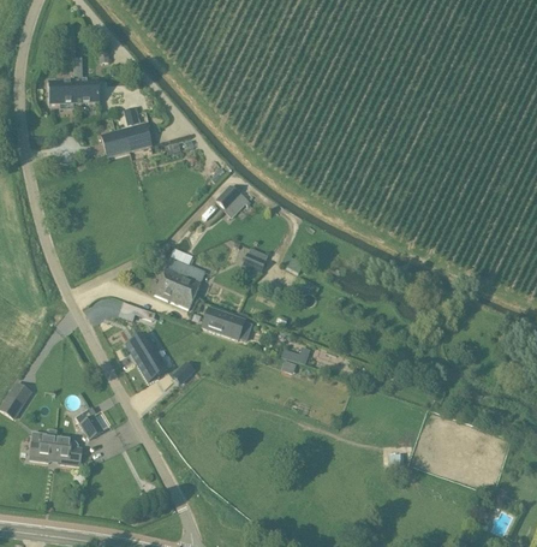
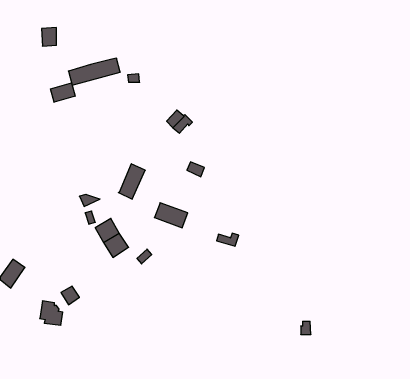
building: [74,79,100,103] -> none
building: none -> [50,83,75,102]
building: [173,266,205,310] -> none
building: [30,433,56,463] -> none

